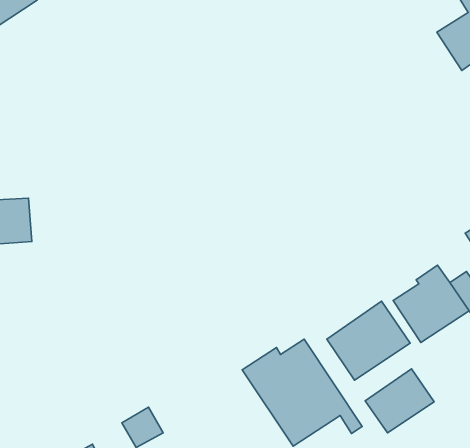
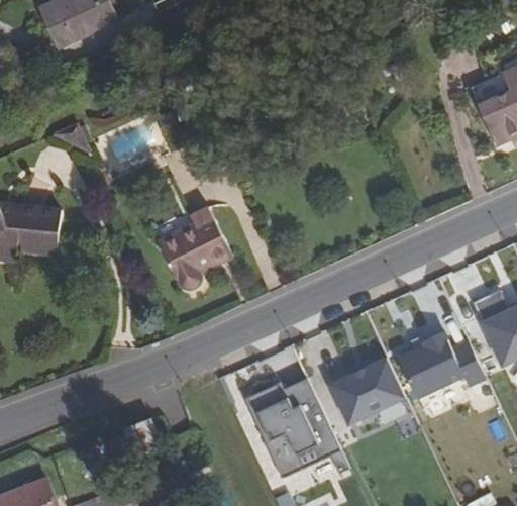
building: none -> [154,211,228,292]
building: [365,369,434,433] -> none

